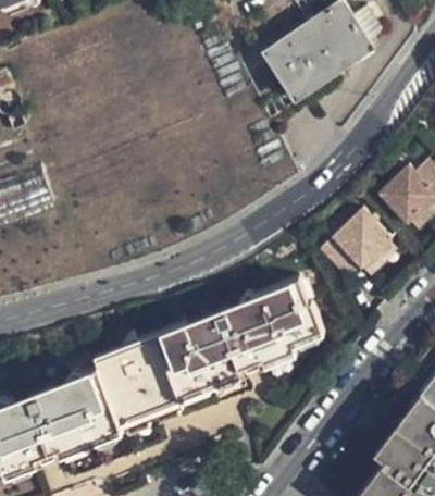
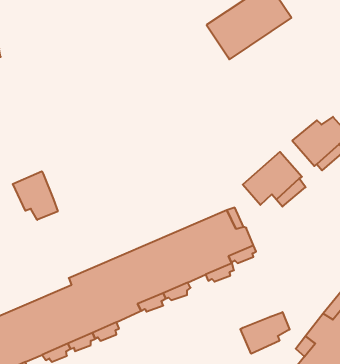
building: none -> [13,171,58,220]
building: none -> [240,312,290,354]

